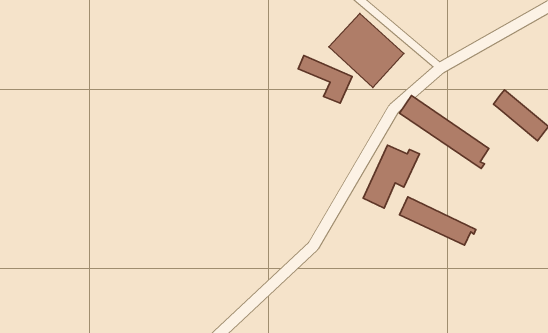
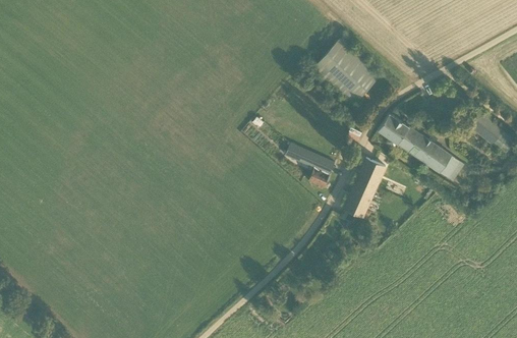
building: [298,56,352,103] -> [284,144,334,187]
building: [400,197,476,245] -> none

